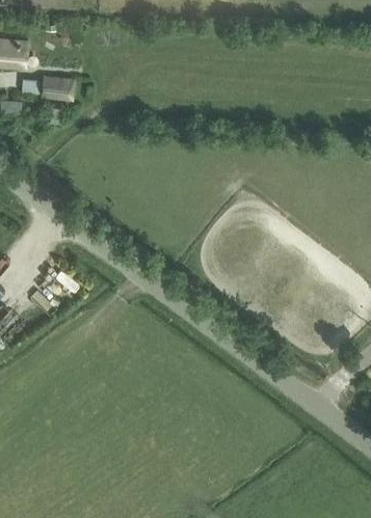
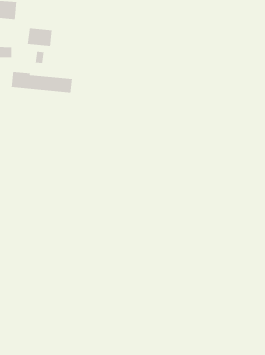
building: none -> [11,71,73,94]

